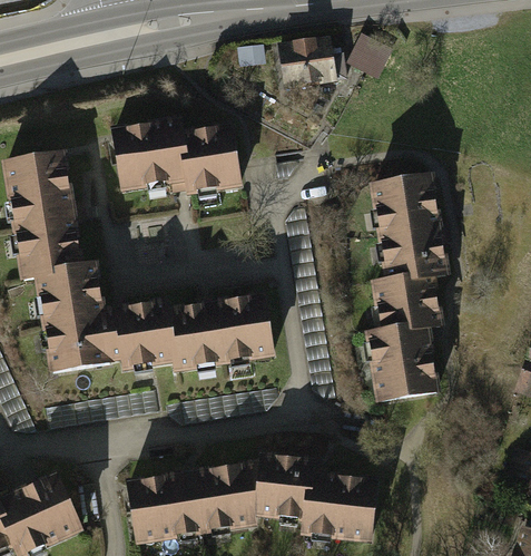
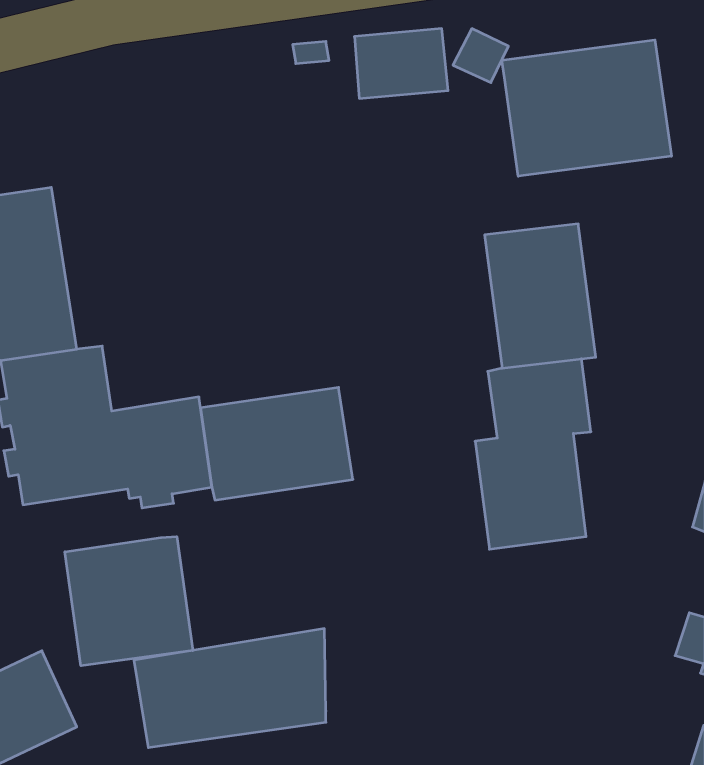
building: none -> [502,40,671,176]
building: [110,118,242,195] -> none
building: none -> [65,537,193,666]
building: [257,450,376,545] -> none

